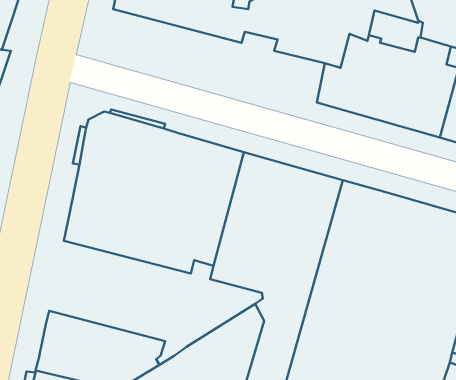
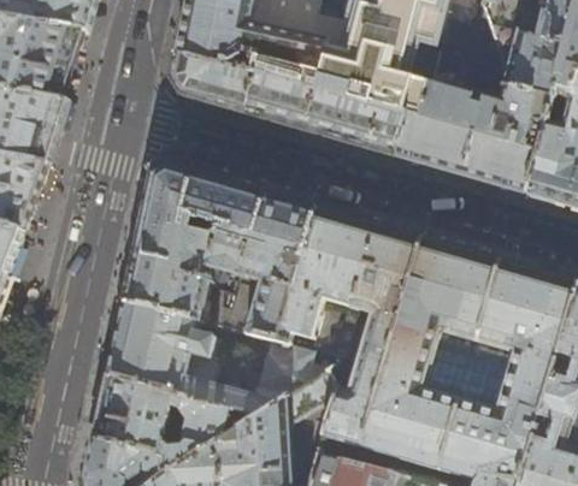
building: none -> [175,58,406,158]
building: none -> [111,306,340,428]

